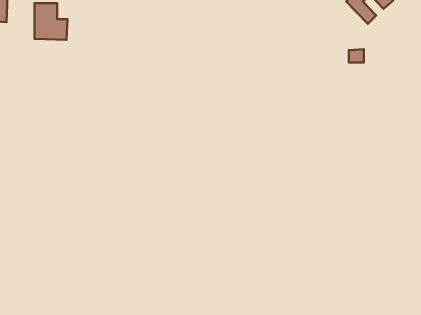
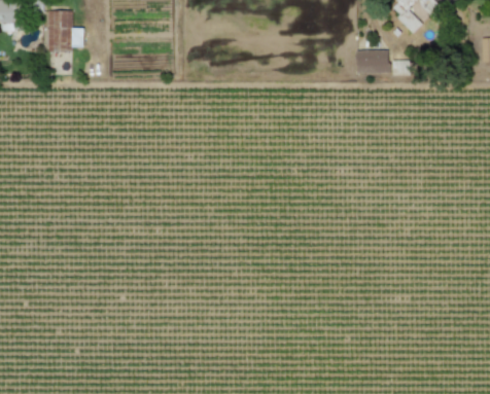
building: none -> [356,49,389,73]

